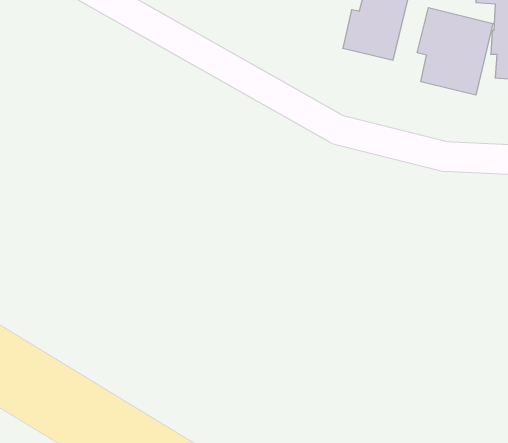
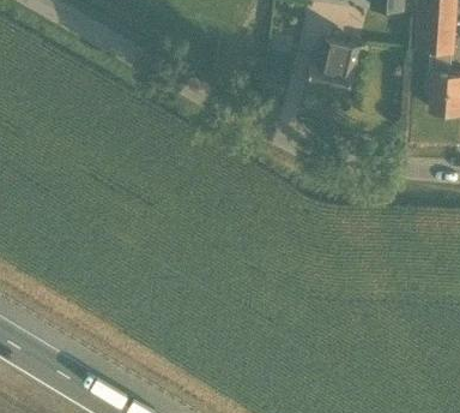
building: [417,8,493,95] -> none

